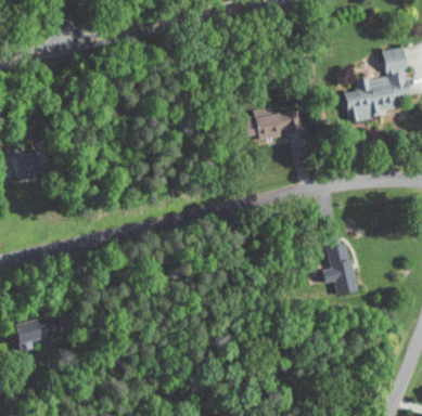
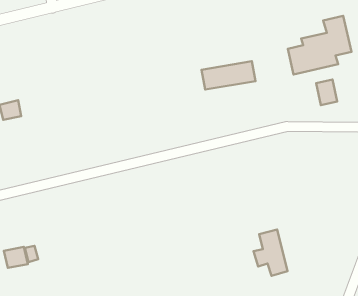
building: none -> [316,79,337,105]
building: [321,242,360,295] -> [253,229,288,276]

